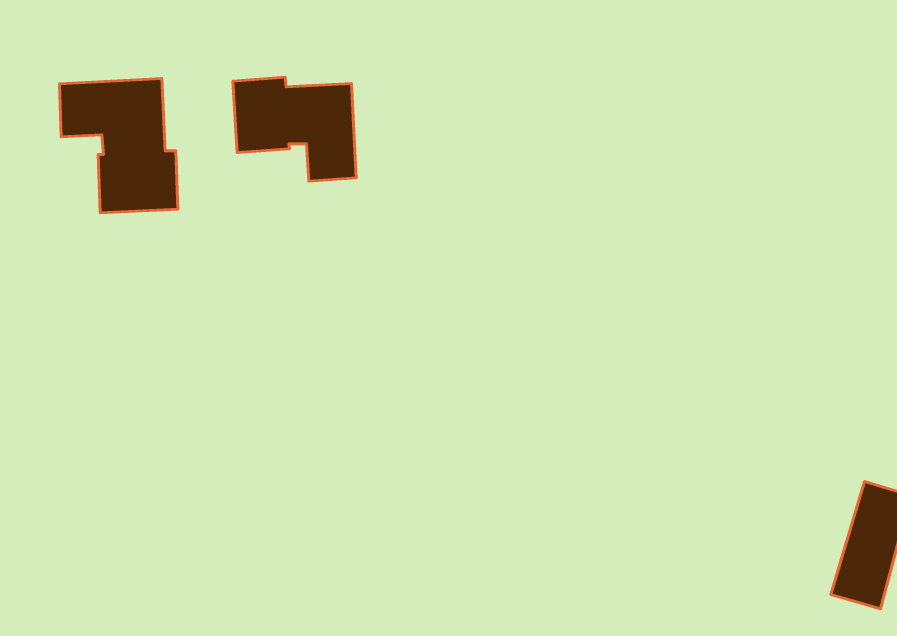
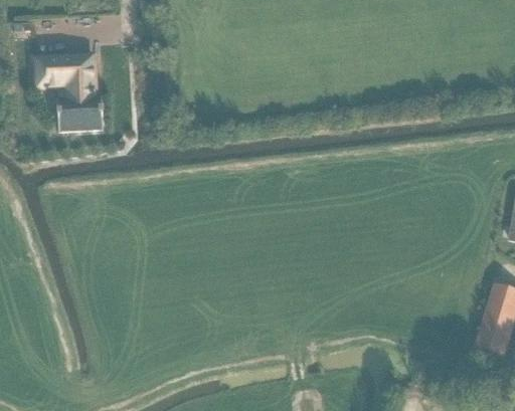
building: [233,77,356,181] -> none

